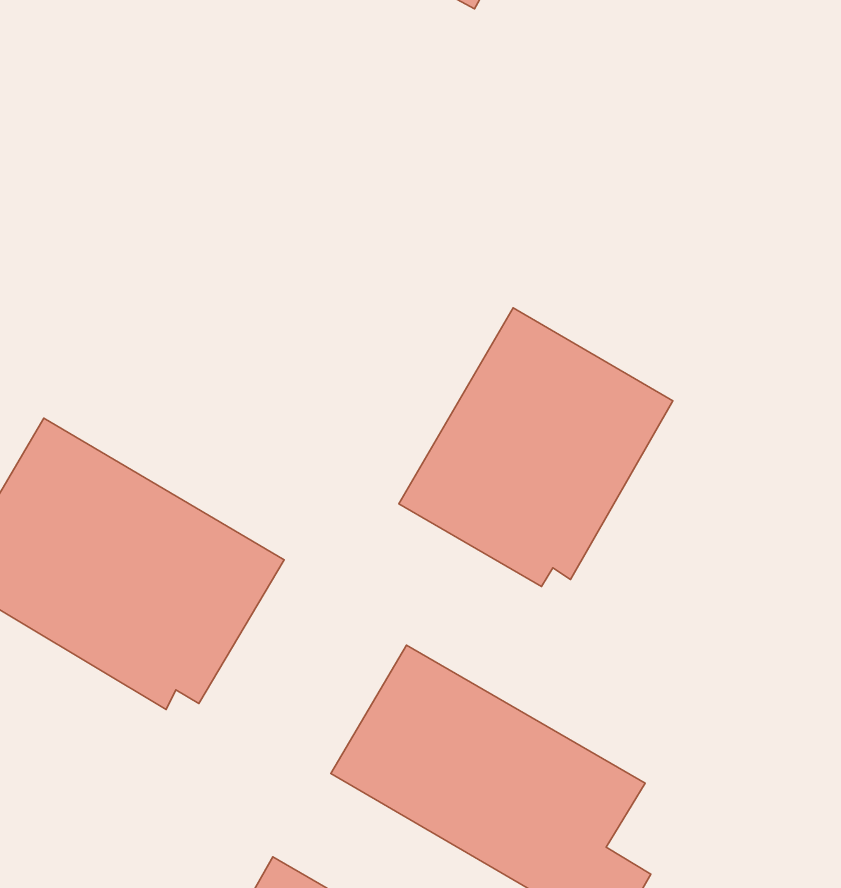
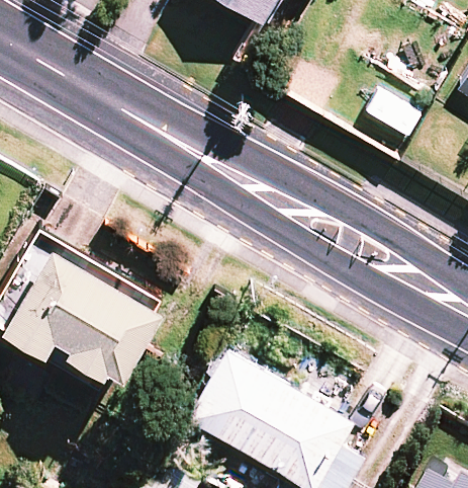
building: [399,308,673,587] -> none

